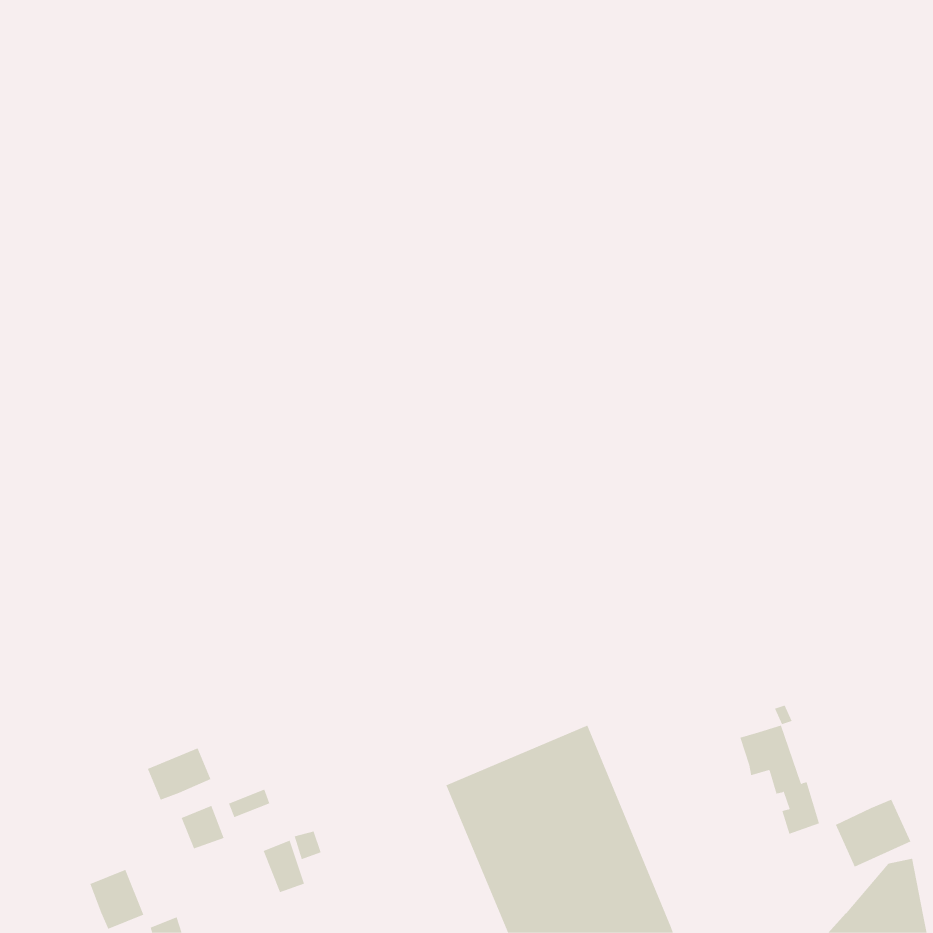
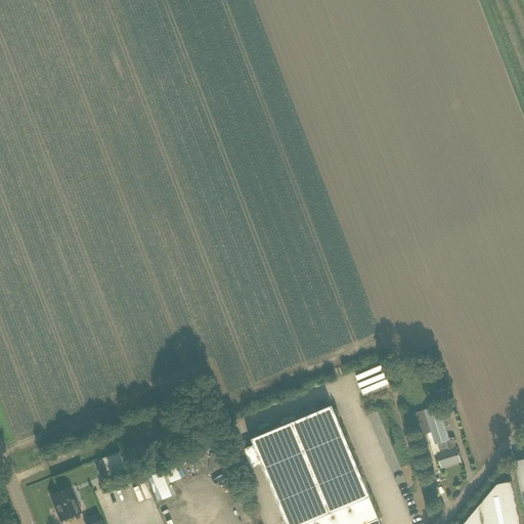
building: [147,748,211,801] -> none
building: [835,799,911,867] -> none

